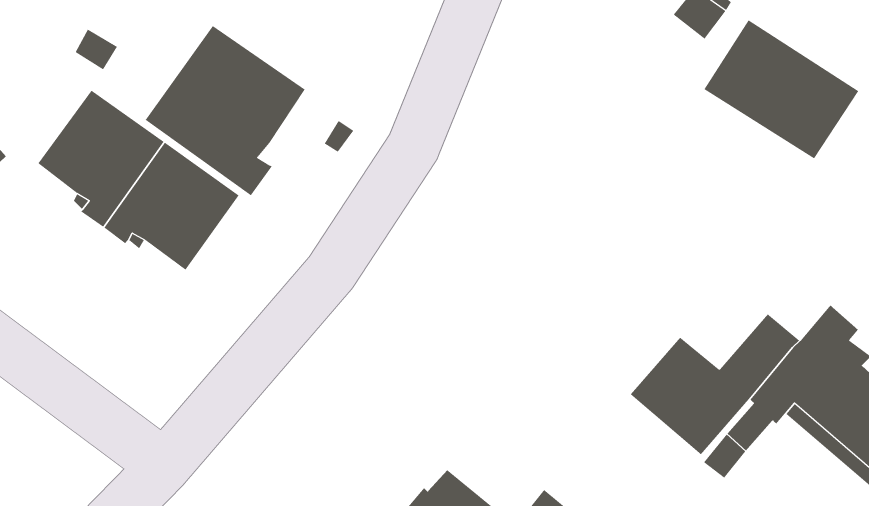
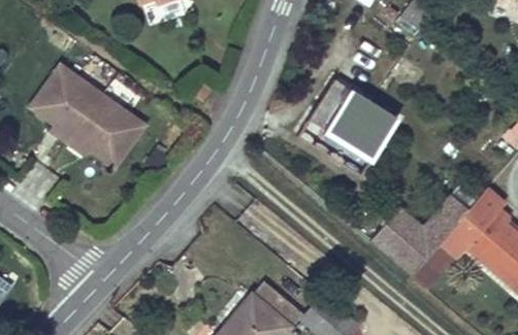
building: [703,19,859,159] -> [309,78,398,159]
building: [145,25,305,196] -> none

